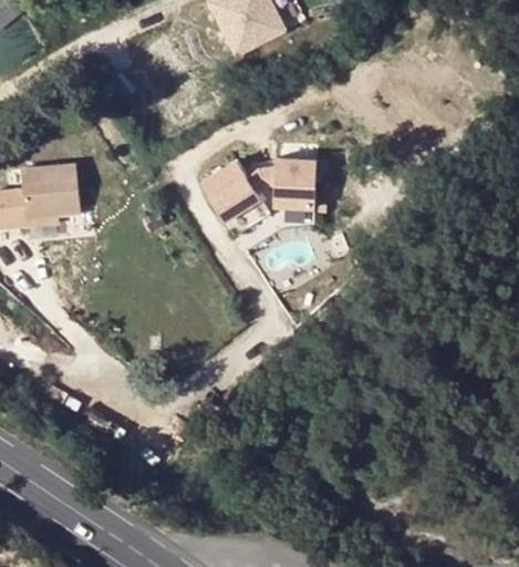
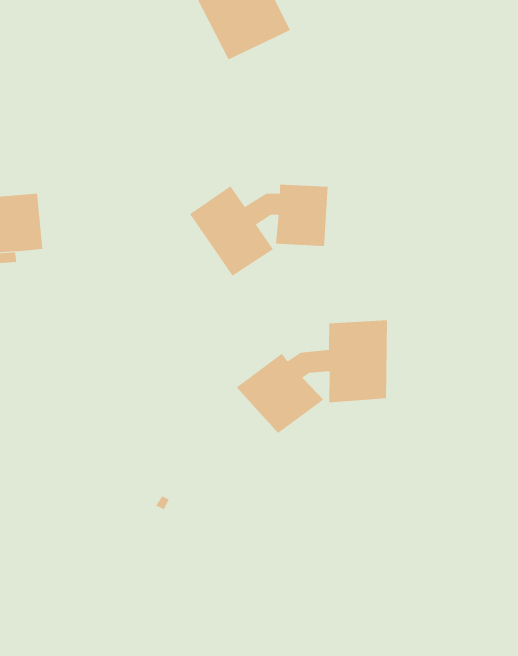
building: none -> [236,320,388,434]

